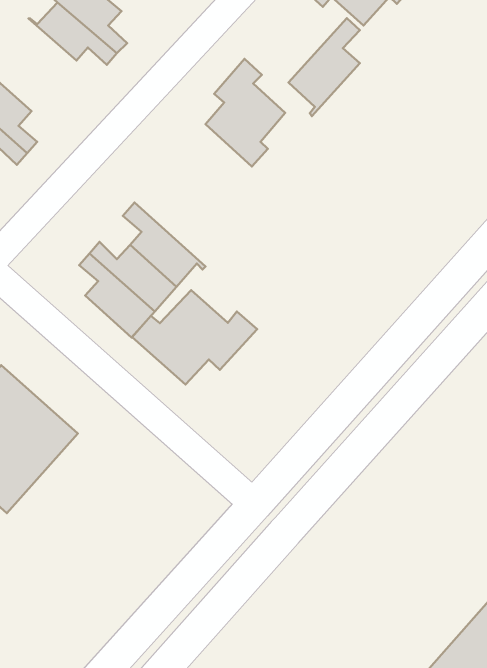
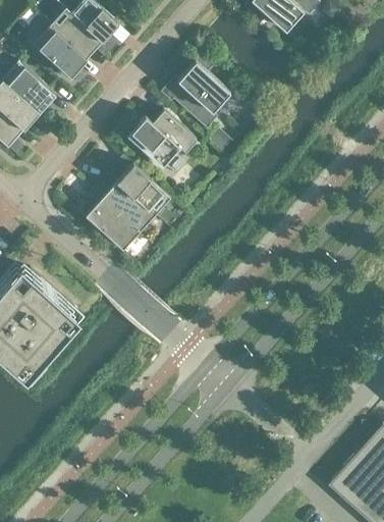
building: [289,18,360,116] -> none
building: none -> [35,25,88,86]
building: none -> [121,111,197,168]
building: [132,290,257,385] -> none

